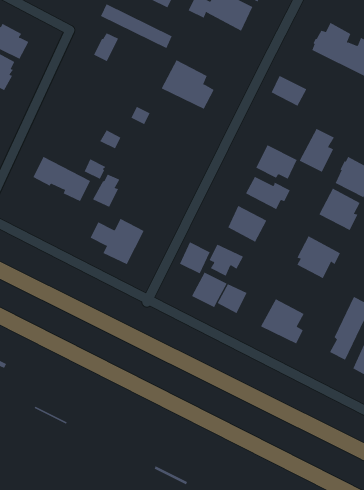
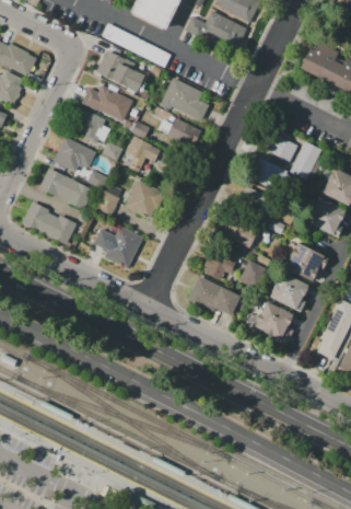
building: none -> [112,62,147,93]
building: none -> [81,85,133,123]
building: [271,75,307,107] -> [265,132,299,162]
building: none -> [75,107,106,146]
building: none -> [157,113,201,147]
building: none -> [126,136,162,163]
building: none -> [55,138,95,172]
building: none -> [125,180,164,220]
building: none -> [22,201,78,246]
building: [179,242,211,274] -> [239,259,269,290]
building: none -> [269,271,318,313]

